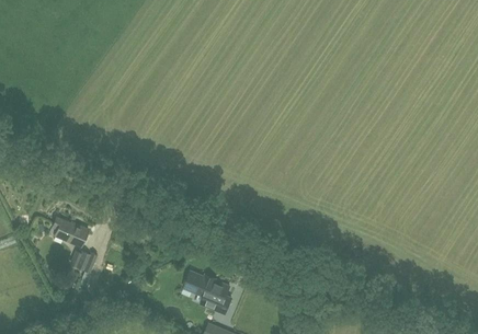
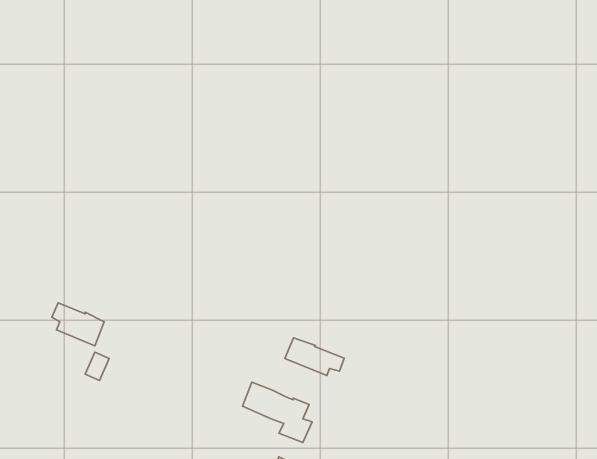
building: none -> [285,338,344,375]

